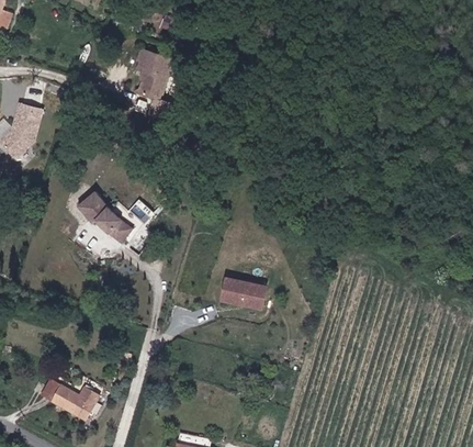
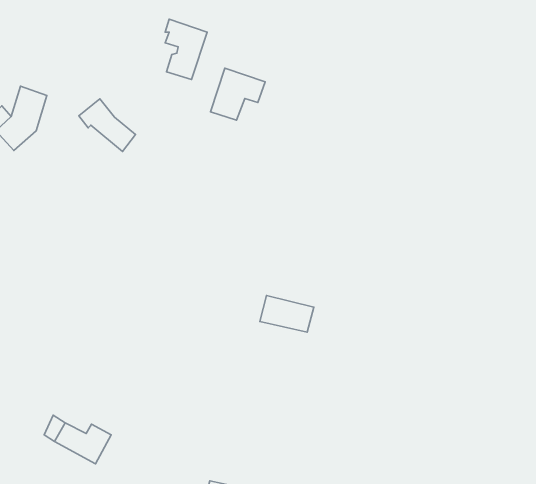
building: none -> [210,68,265,120]
building: [85,199,132,243] -> [79,99,136,151]

